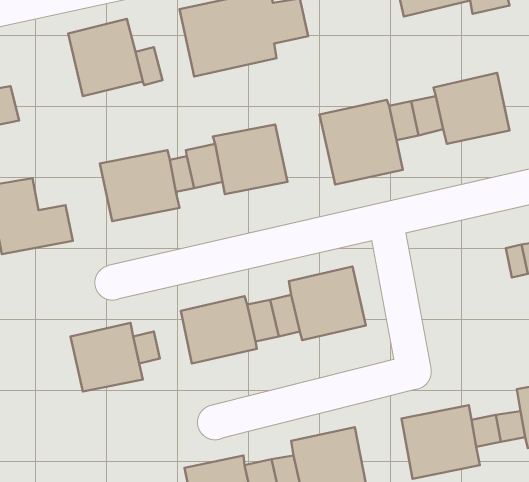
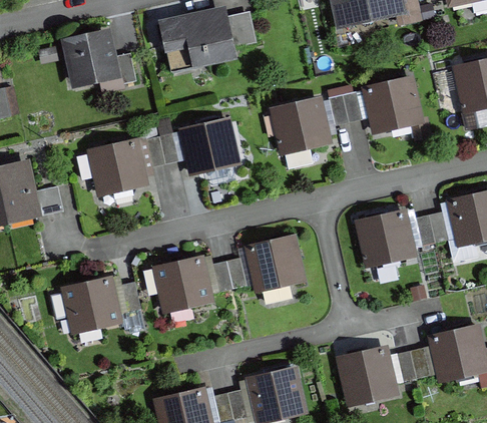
building: none -> [355,210,417,270]

